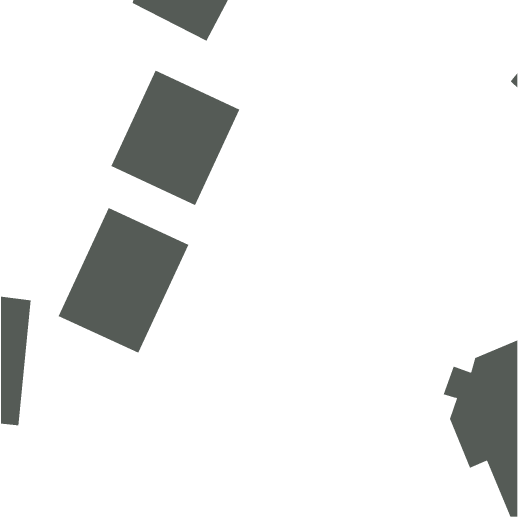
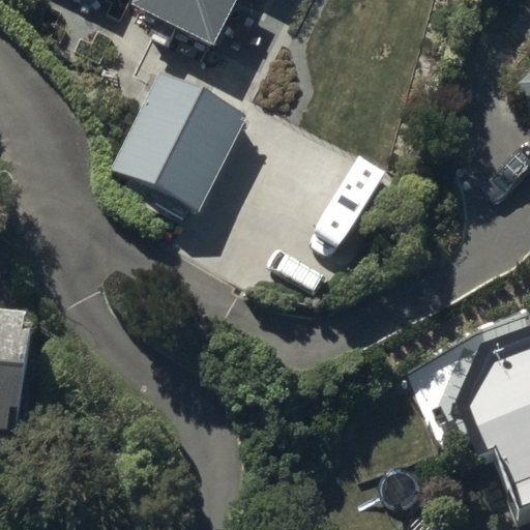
building: [58,207,189,354] -> none

